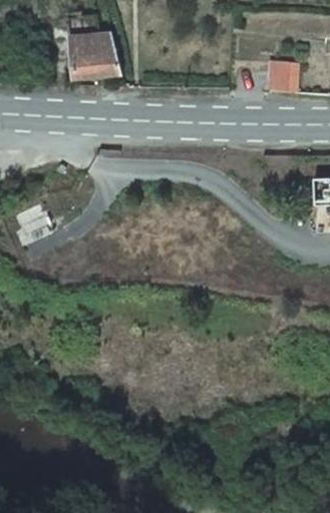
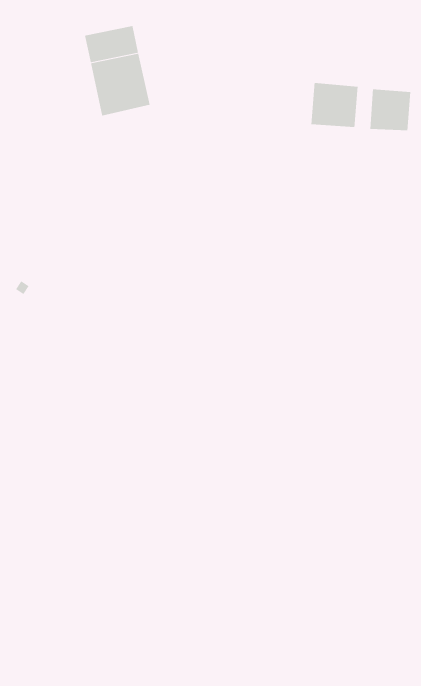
building: none -> [311,82,358,128]

